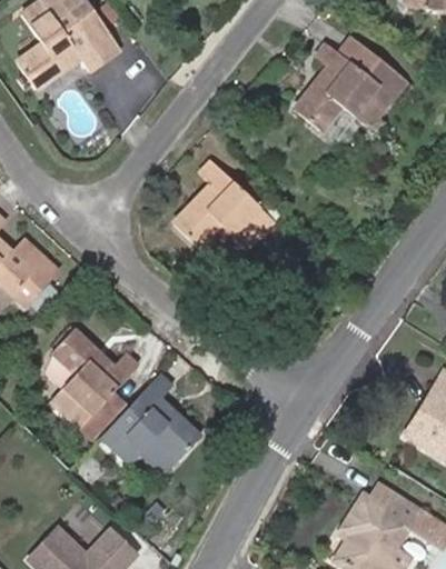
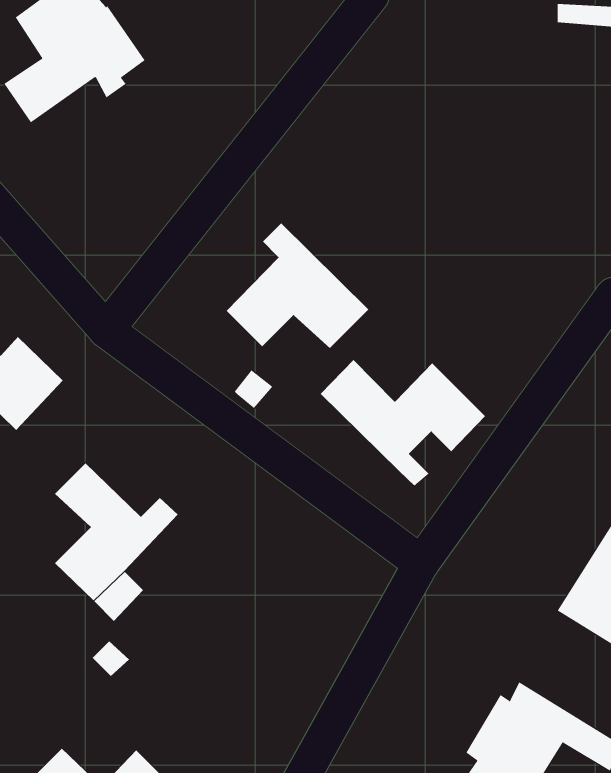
building: [293,37,406,131] -> none
building: none -> [320,359,486,487]
building: [100,373,201,470] -> none

